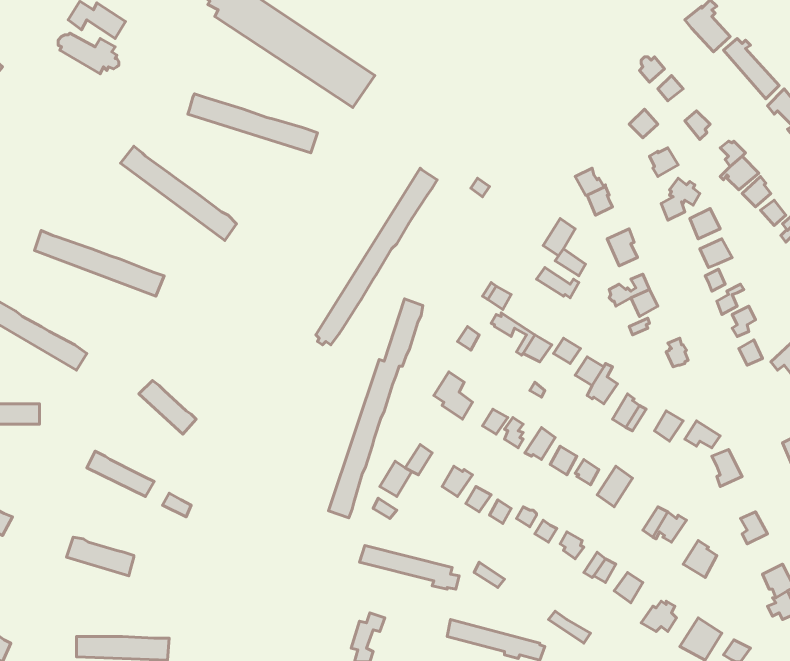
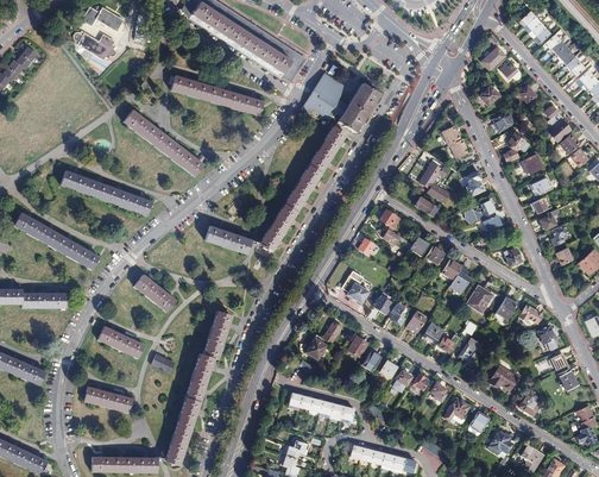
building: none -> [302,73,378,133]
building: [329,299,423,518] -> [163,310,229,465]
building: none -> [208,225,253,252]

